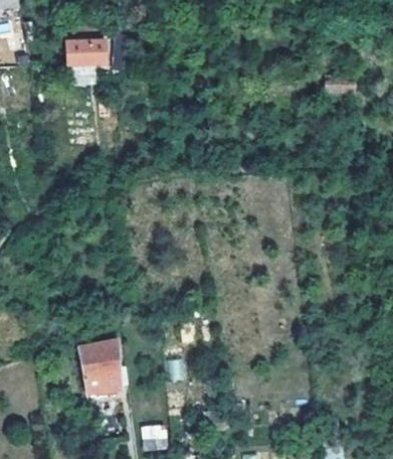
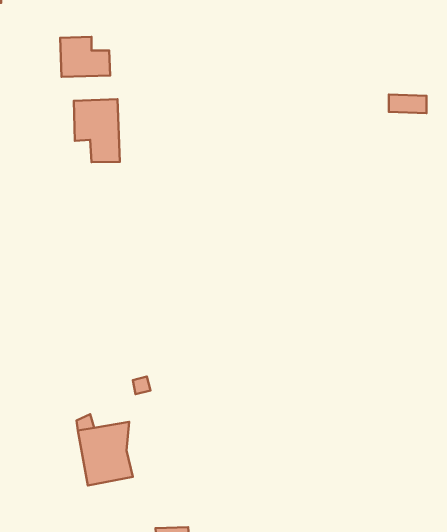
building: none -> [74,99,120,162]

